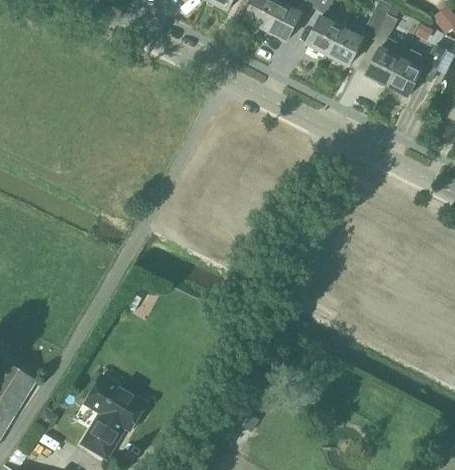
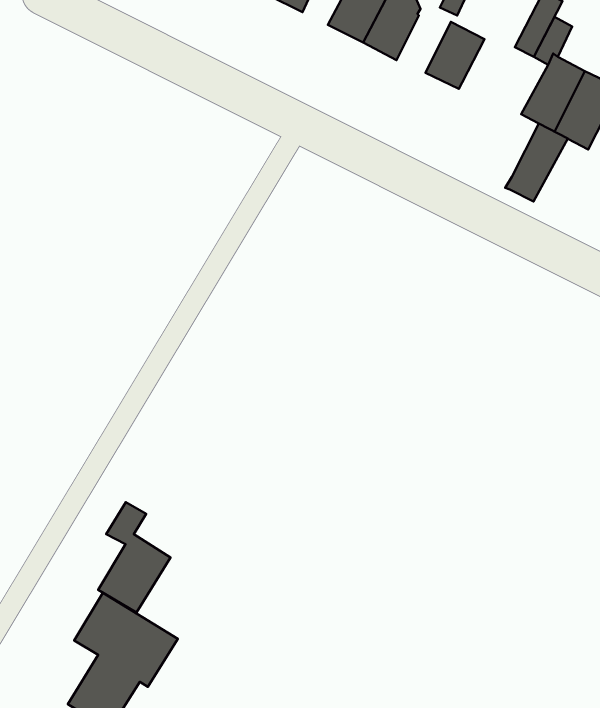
building: [328,27,362,65] -> none
building: none -> [505,123,568,202]
building: none -> [98,502,170,613]

